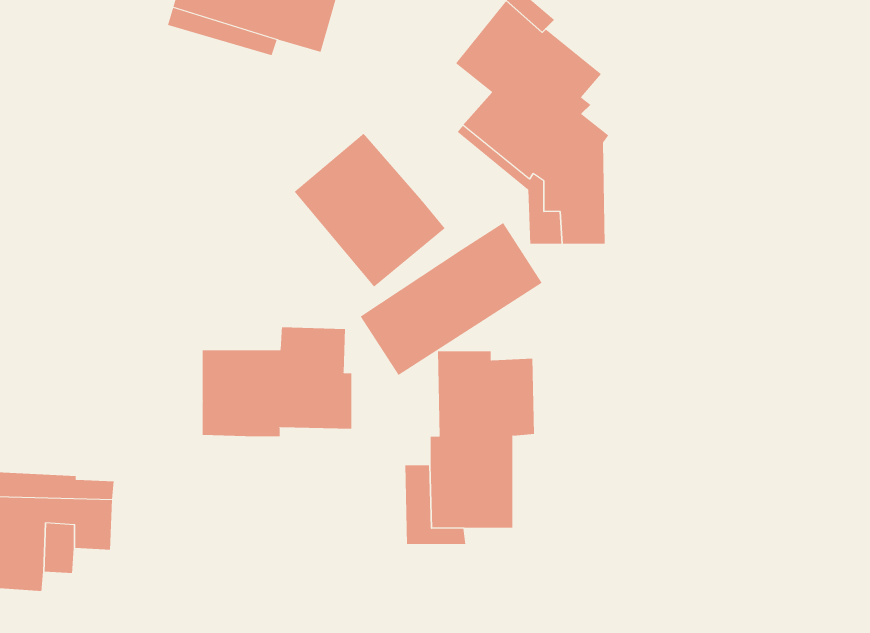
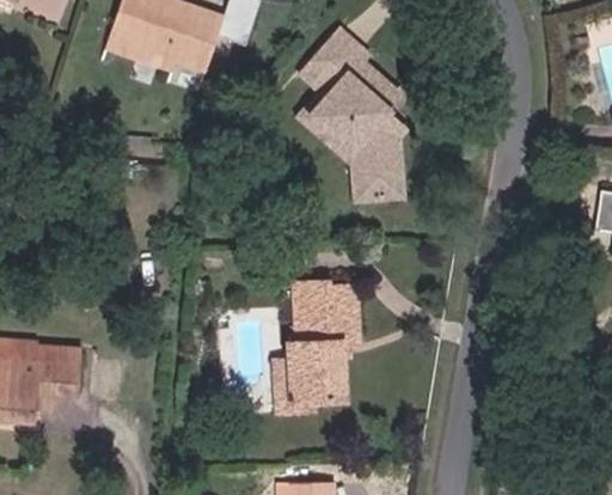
building: [294,133,446,288] -> none
building: [360,222,542,376] -> none
building: [202,326,352,437] -> none

